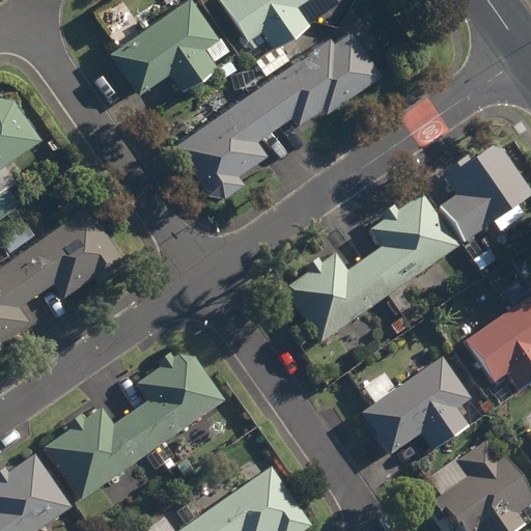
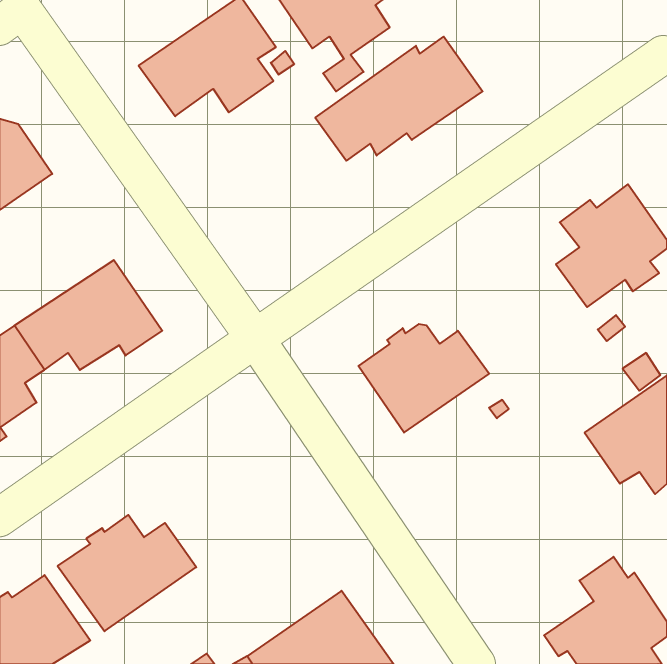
building: [175,93,275,196] -> none
building: [363,195,459,297] -> none
building: [131,354,225,450] -> none
building: [362,360,476,455] -> none

